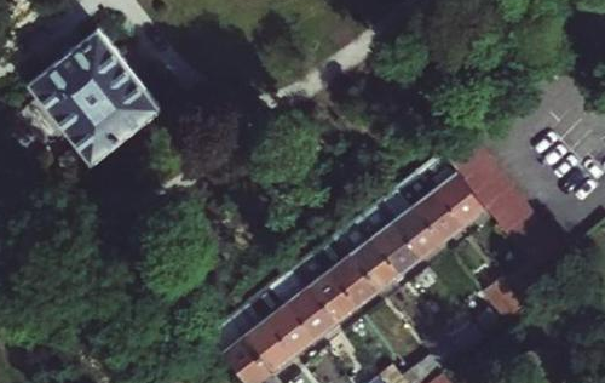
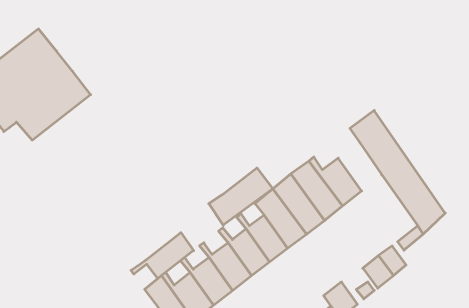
building: [431,166,491,222] -> none
building: none -> [209,168,273,225]
building: none -> [131,233,194,278]

